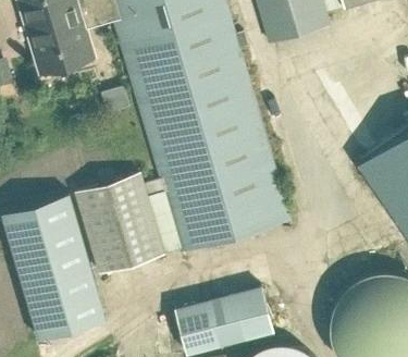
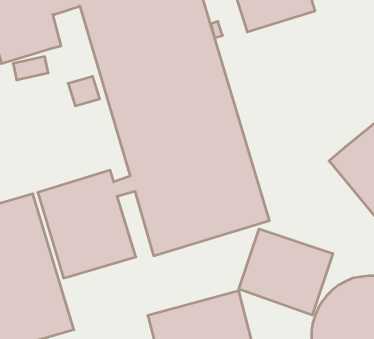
building: none -> [239,229,333,315]

